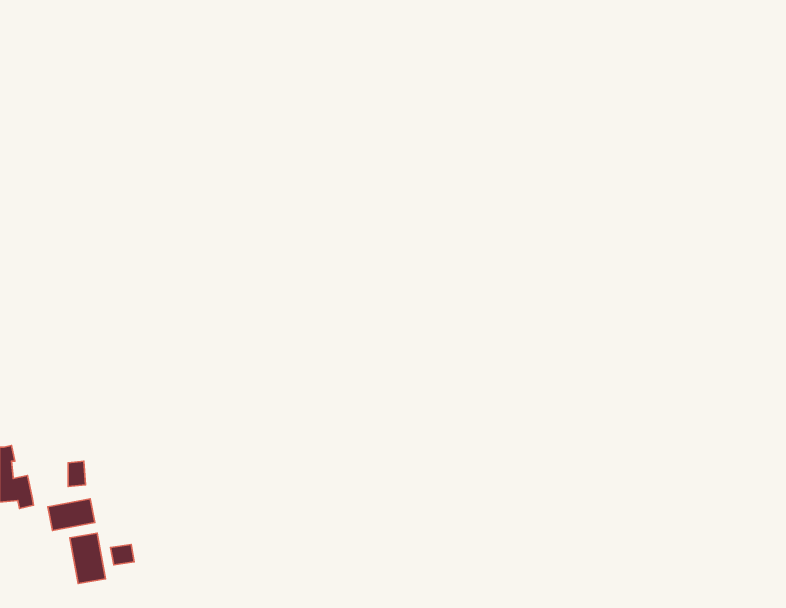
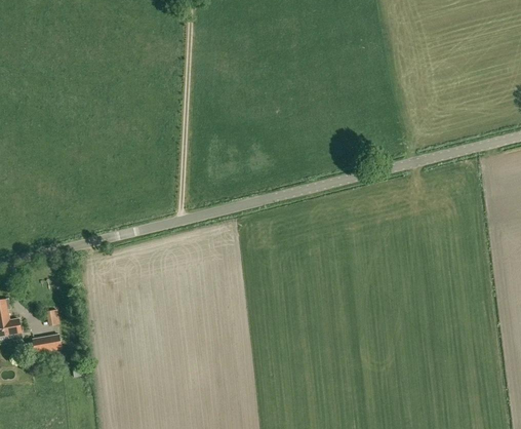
building: [70,533,106,584] -> none

